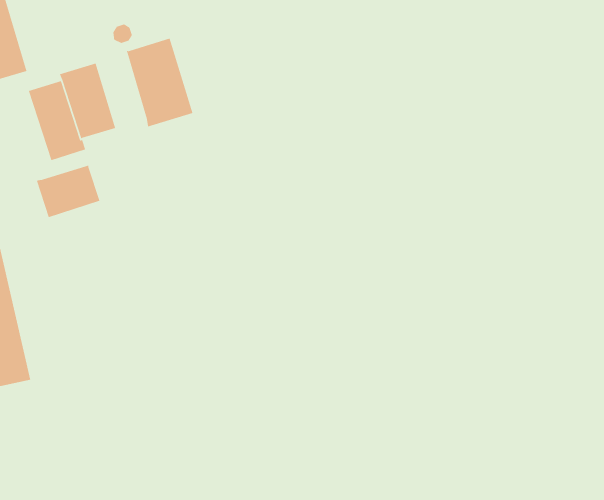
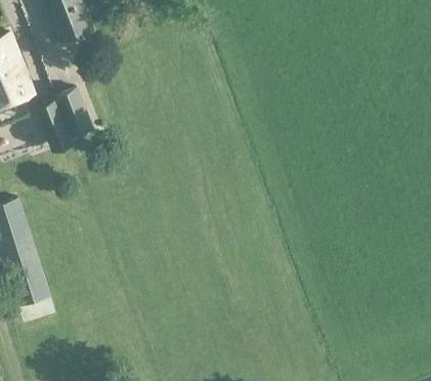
building: [126,37,194,128] -> none
building: [36,165,100,218] -> none

